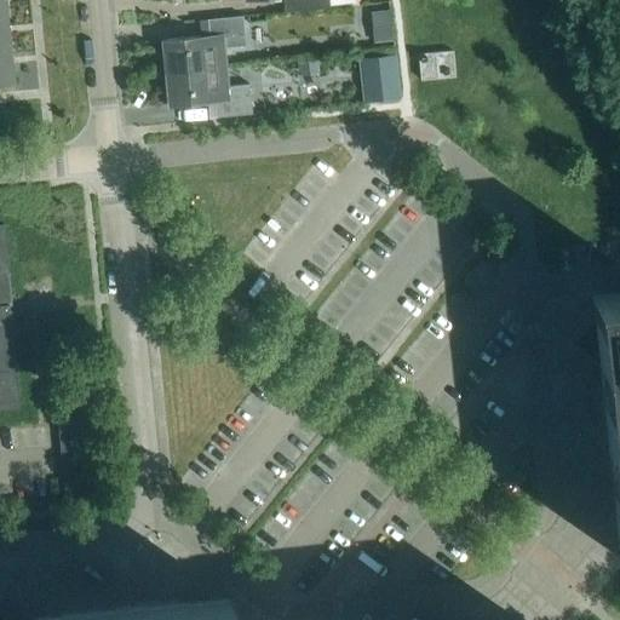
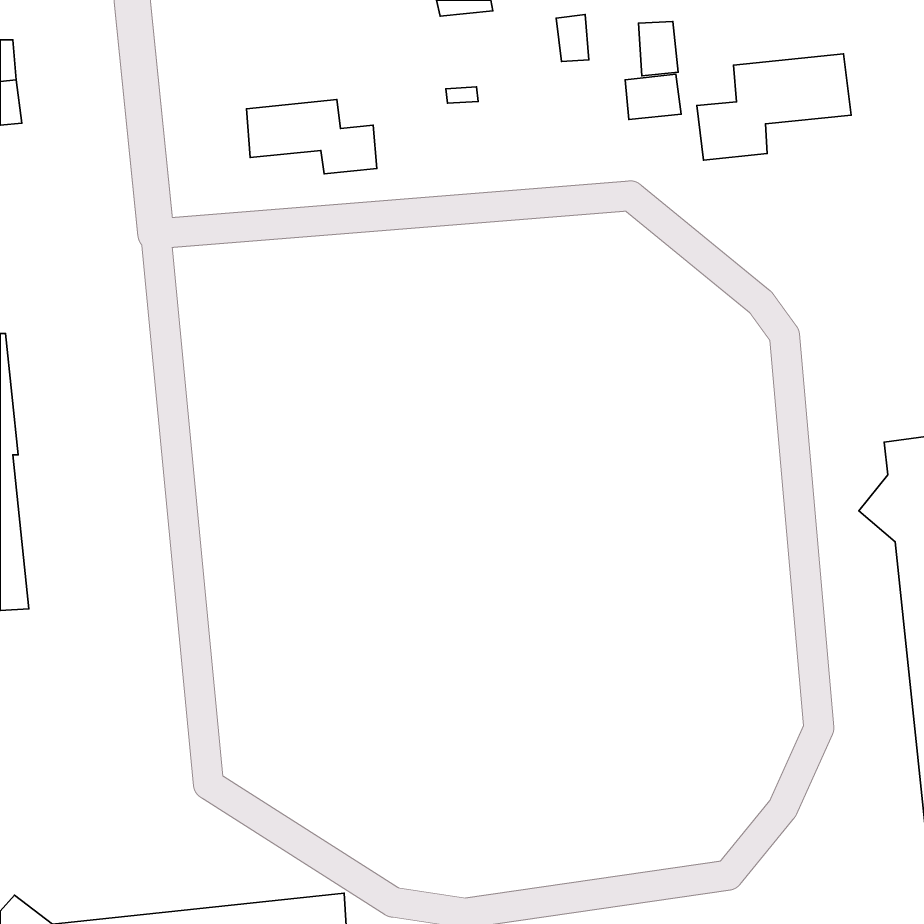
building: [162,17,247,74] -> none
building: none -> [697,54,851,160]
building: [374,64,401,101] -> [638,21,678,76]

